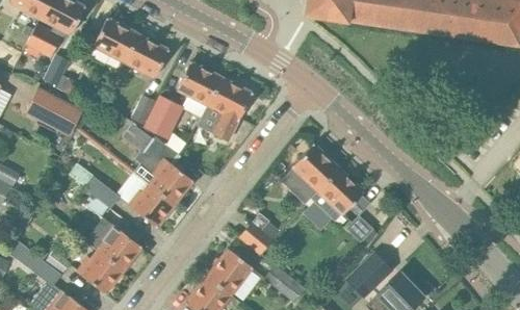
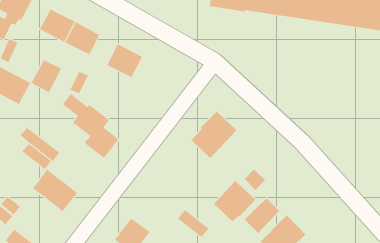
building: [197,78,253,141] -> none
building: [145,97,183,138] -> [31,59,62,93]
building: [311,169,364,221] -> [213,180,256,222]
building: [128,184,174,227] -> none
building: [239,213,280,254] -> none
building: [207,249,252,294] -> none
building: [77,250,123,293] -> none

